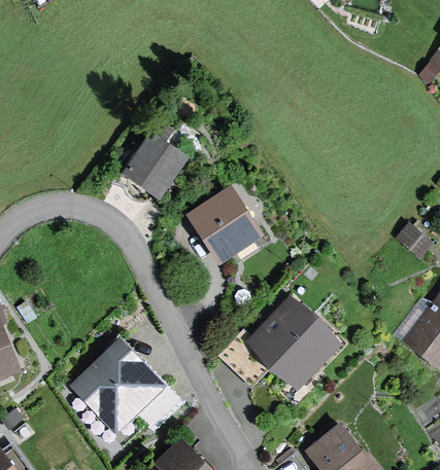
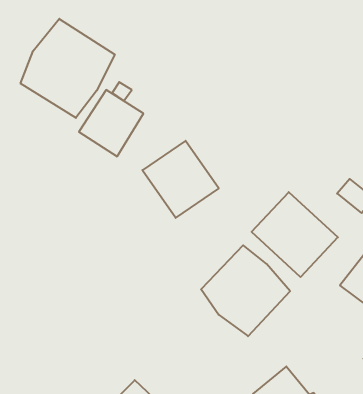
building: none -> [21,19,115,118]
building: none -> [252,192,338,277]
building: [67,339,165,436] -> none

